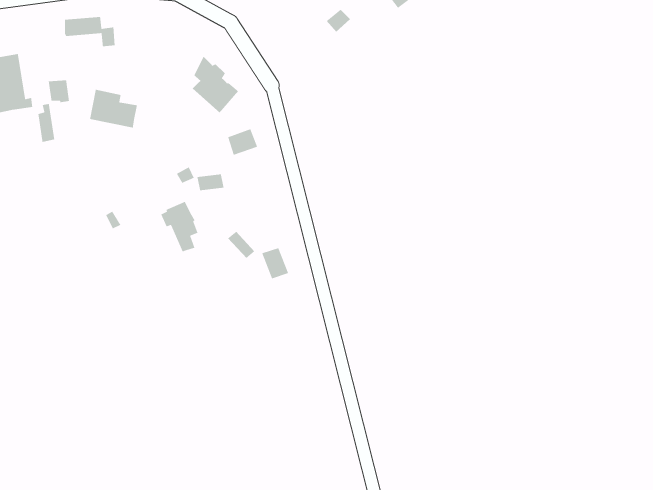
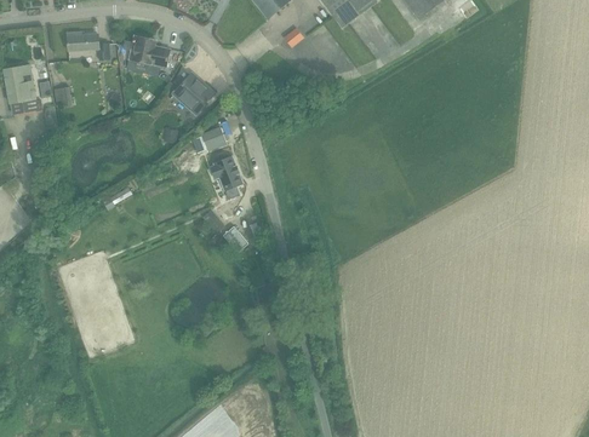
building: [89,89,138,128] -> [128,34,168,67]
building: [160,201,198,252] -> [210,155,241,197]

